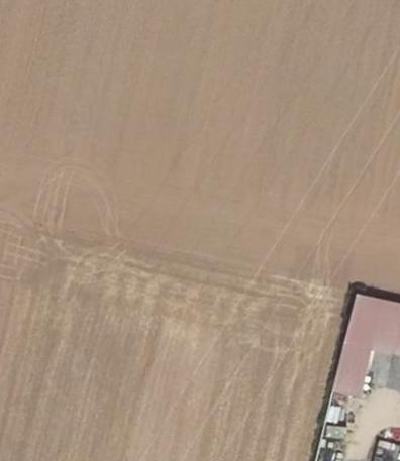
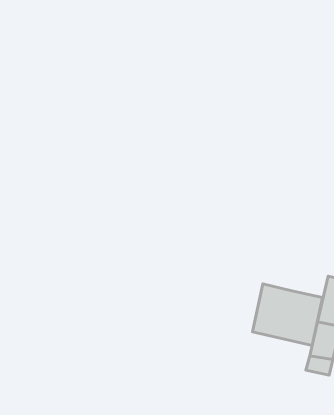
building: none -> [253,284,323,345]

